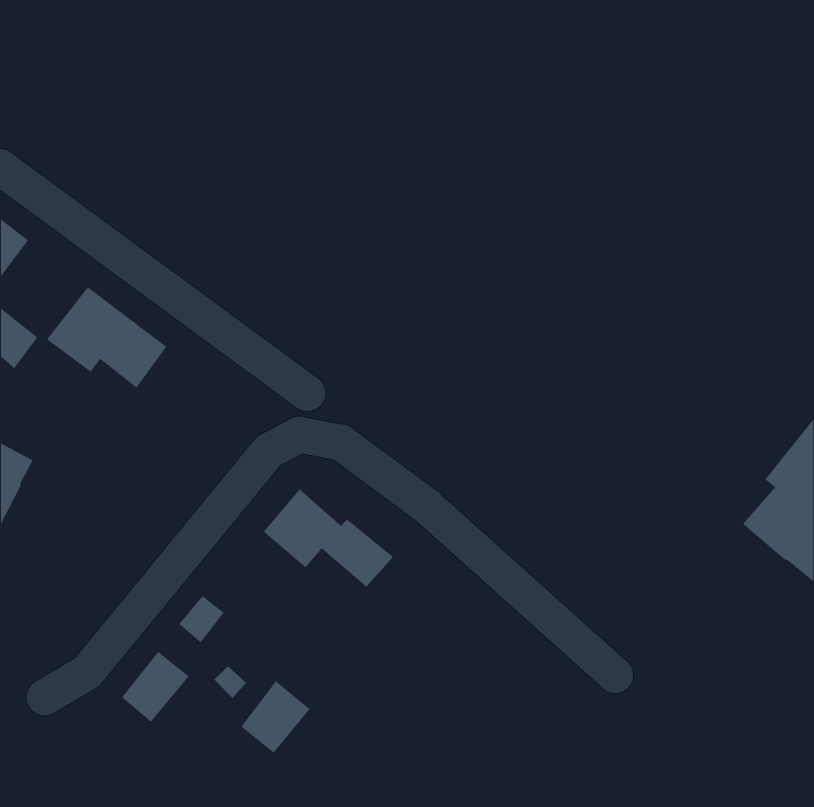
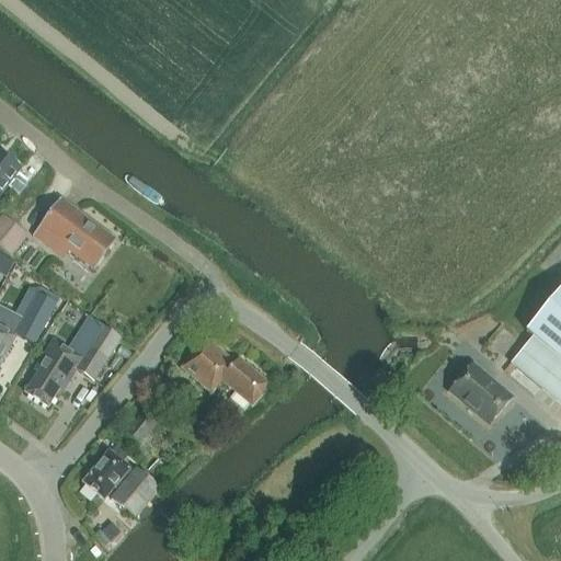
building: none -> [24,286,65,327]
building: none -> [24,314,121,405]
building: none -> [449,363,512,423]
building: [240,680,311,754] -> [111,466,159,516]

